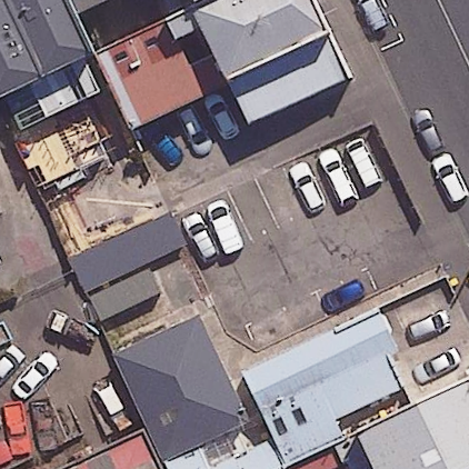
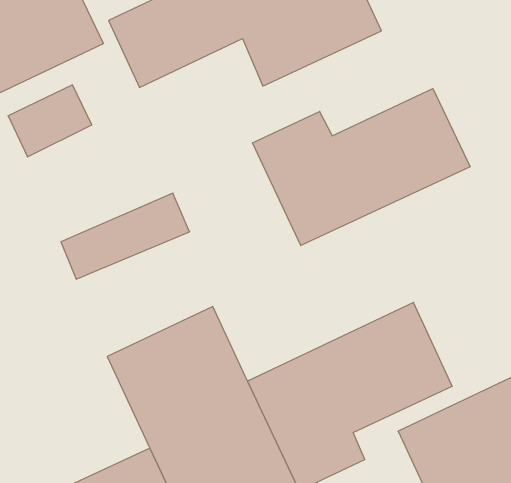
building: none -> [253,89,470,246]

